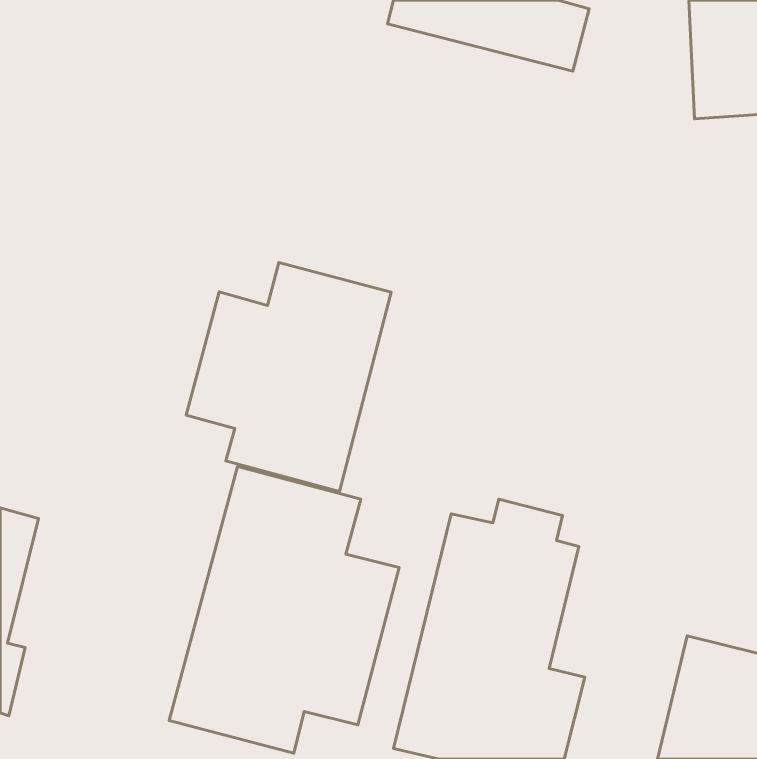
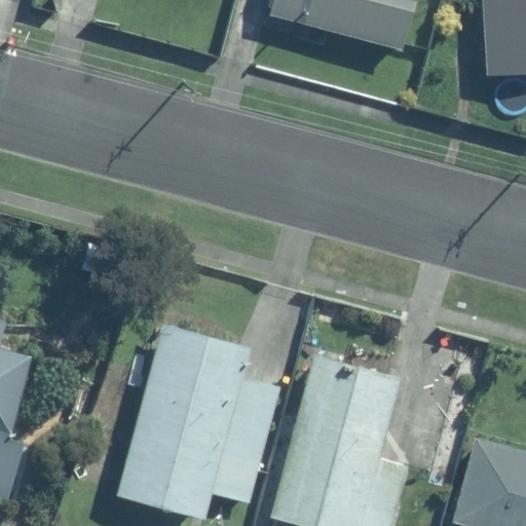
building: [186,262,391,491] -> none

